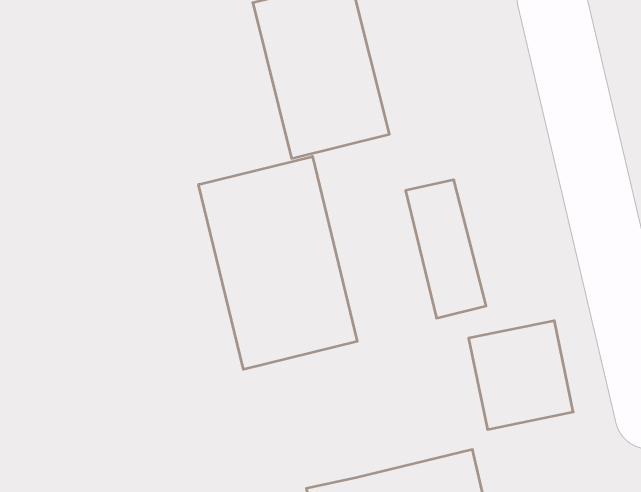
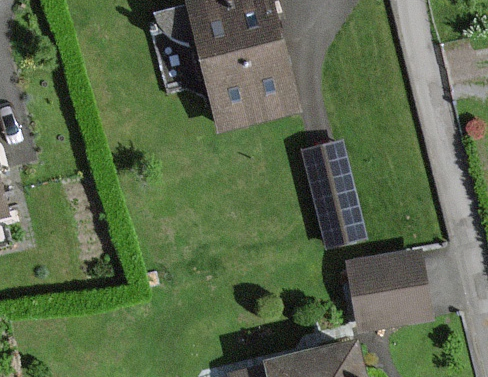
building: [199,156,357,369] -> none

